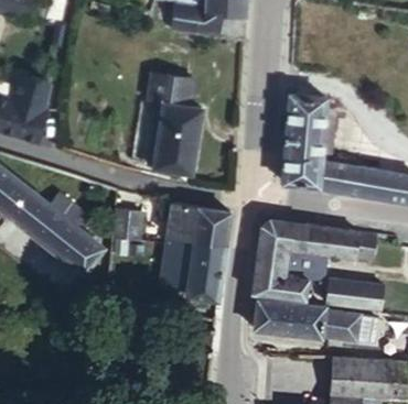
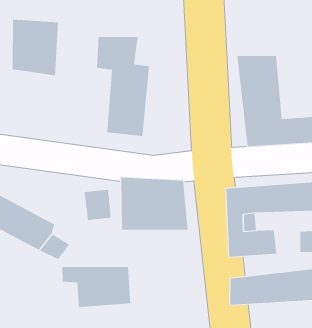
building: none -> [12,19,58,76]
building: [144,250,213,297] -> [62,266,131,307]

